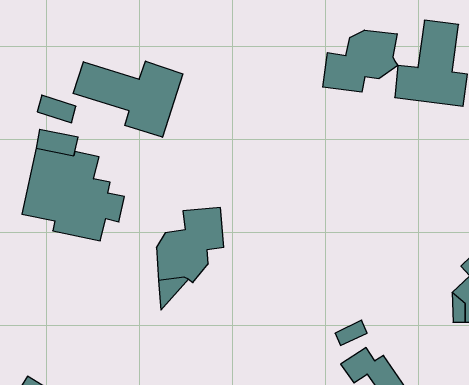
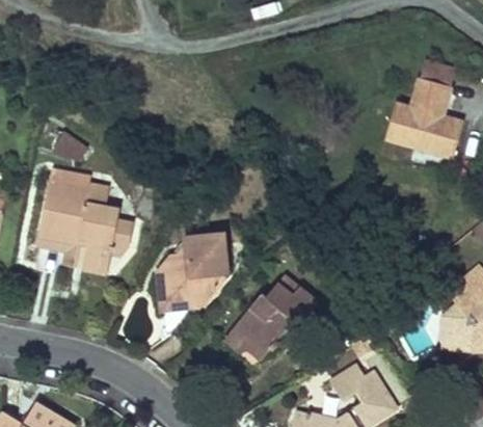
building: [323,30,398,92] -> none
building: [73,61,183,137] -> none
building: none -> [220,278,320,374]

